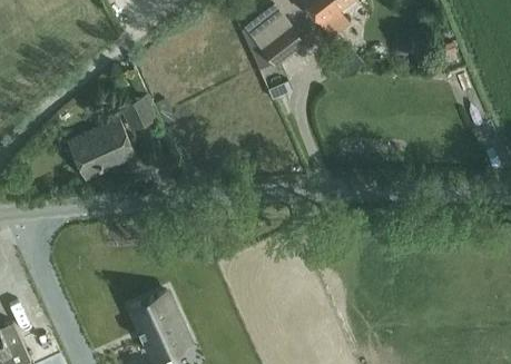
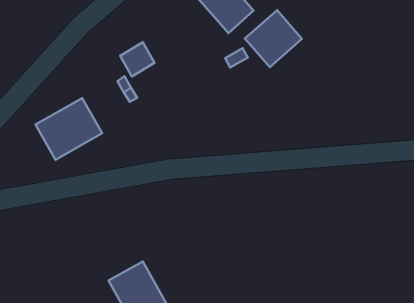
building: none -> [245,10,302,67]
building: [121,96,156,130] -> [120,42,154,77]

